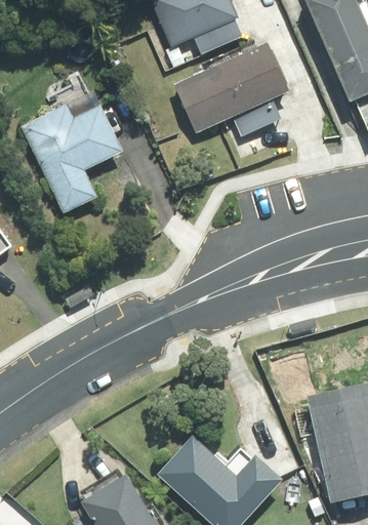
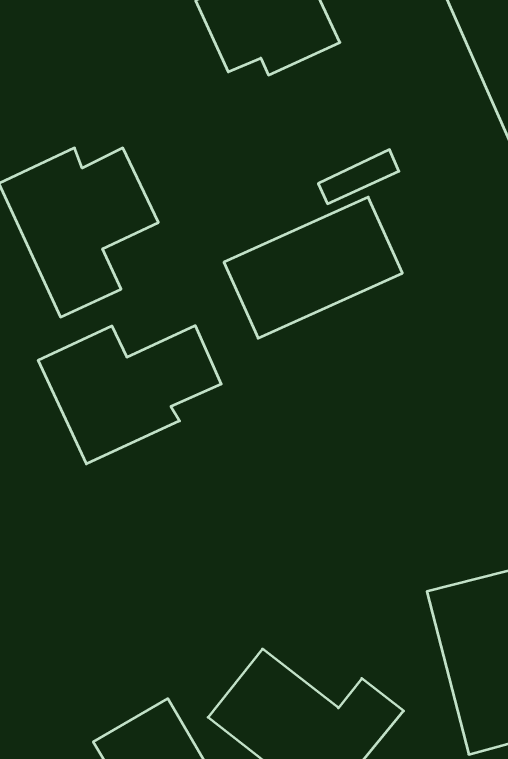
building: [172,40,290,133] -> [224,197,402,338]
building: none -> [38,326,221,464]

